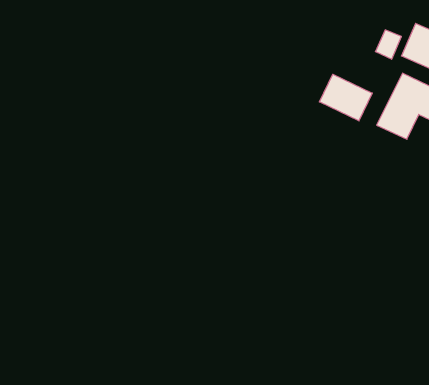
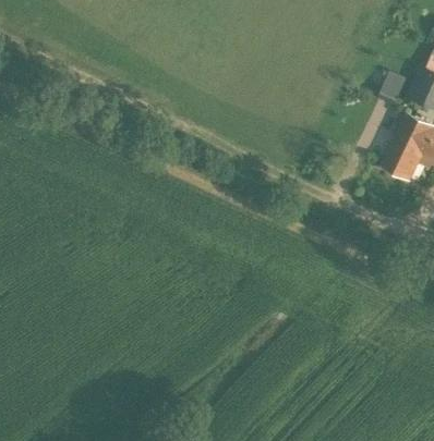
building: [319,74,372,121] -> none

